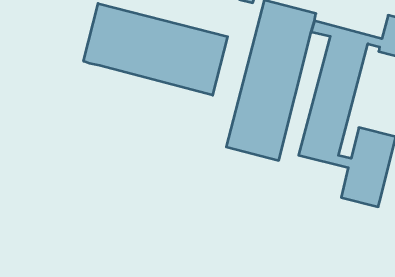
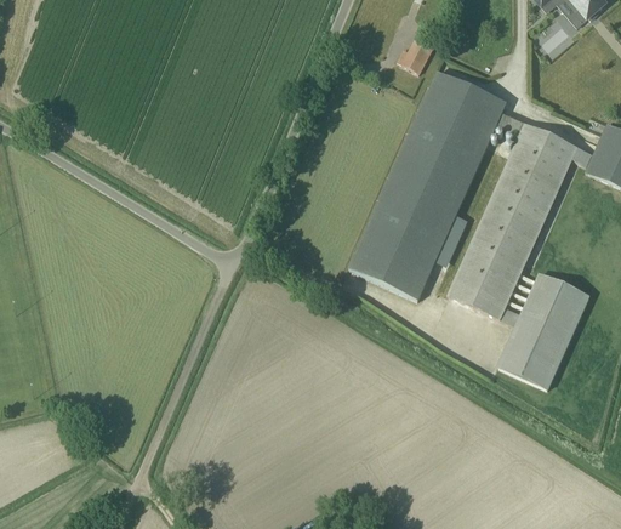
building: [84,3,228,95] -> none

